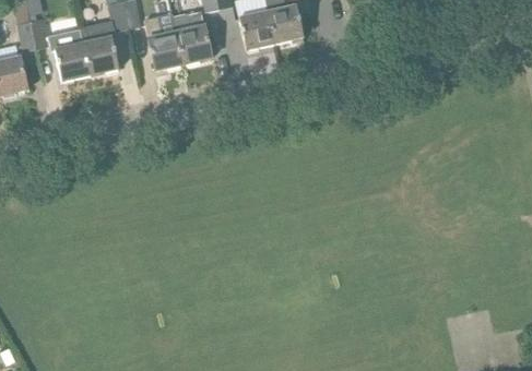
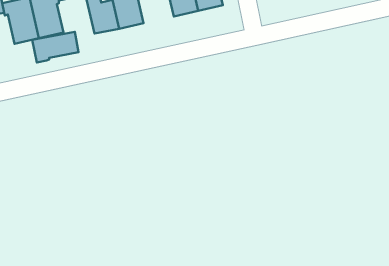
building: none -> [32,32,78,63]

